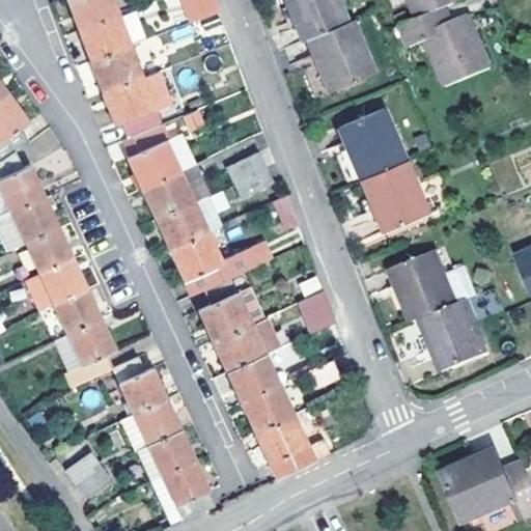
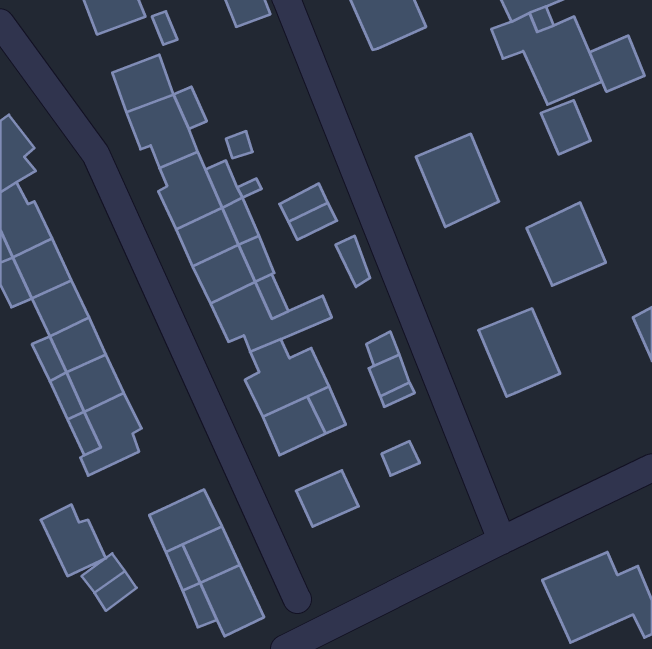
building: [79,13,130,59] -> none
building: [301,20,373,96] -> none
building: none -> [590,36,644,92]
building: none -> [541,100,591,154]
building: [362,164,426,231] -> [527,203,606,286]
building: [419,300,485,371] -> none
building: [227,353,278,399] -> none
building: [113,355,166,413] -> [41,505,106,576]
building: [254,412,329,476] -> none

